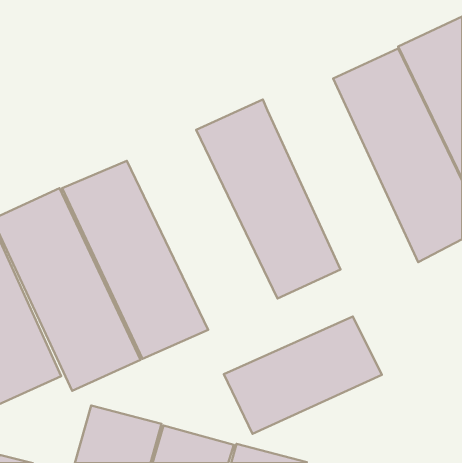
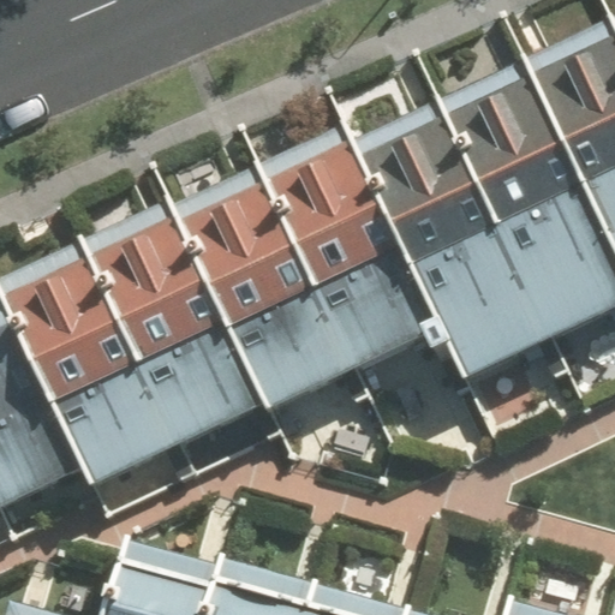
building: none -> [358,105,549,382]
building: none -> [169,171,363,432]
building: [224,317,382,434] -> none

